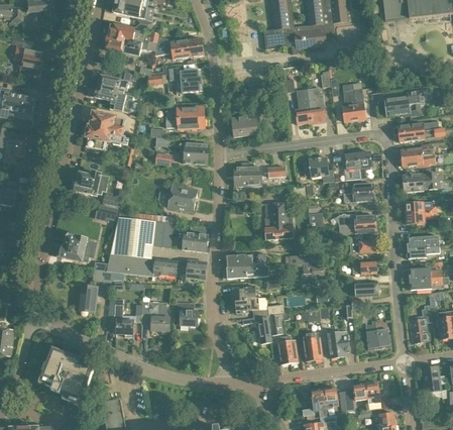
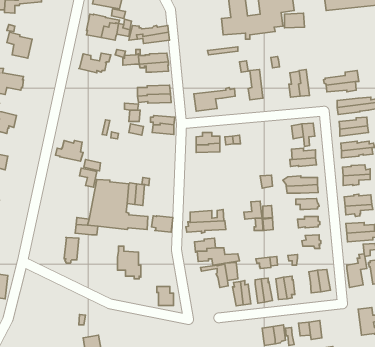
building: [91,87,126,111] -> none
building: [308,88,326,122] -> none
building: [82,112,128,150] -> none
building: [303,156,334,182] -> none
building: [167,184,198,212] -> none
building: [265,202,293,239] -> none
building: [178,231,209,251] -> none
building: [56,235,96,261] -> none
building: [179,303,198,325] -> [157,286,173,305]
building: [114,304,142,336] -> none
building: [38,346,94,404] -> none

